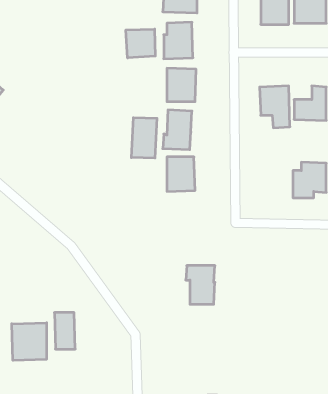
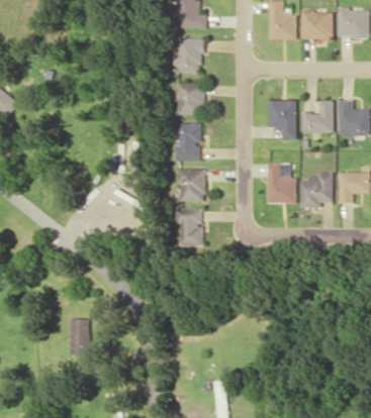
building: [126,29,155,58] -> none
building: [131,118,157,158] -> none
building: none -> [266,164,295,203]
building: [186,266,215,304] -> [174,209,202,246]
building: [12,323,47,360] -> none

